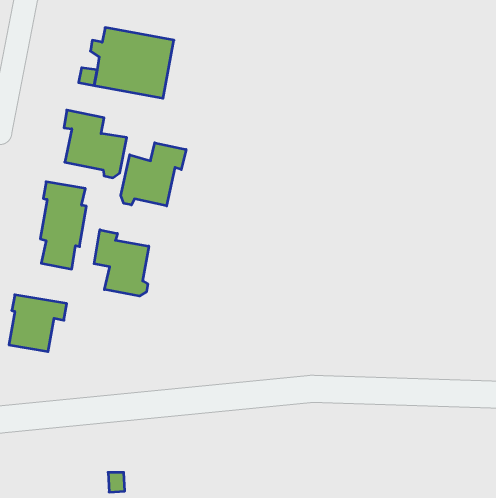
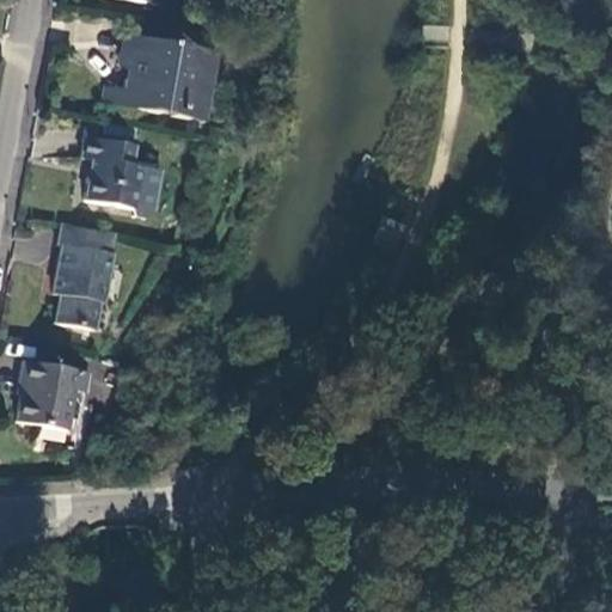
building: [121,143,186,206] -> none
building: [94,230,149,296] -> none

